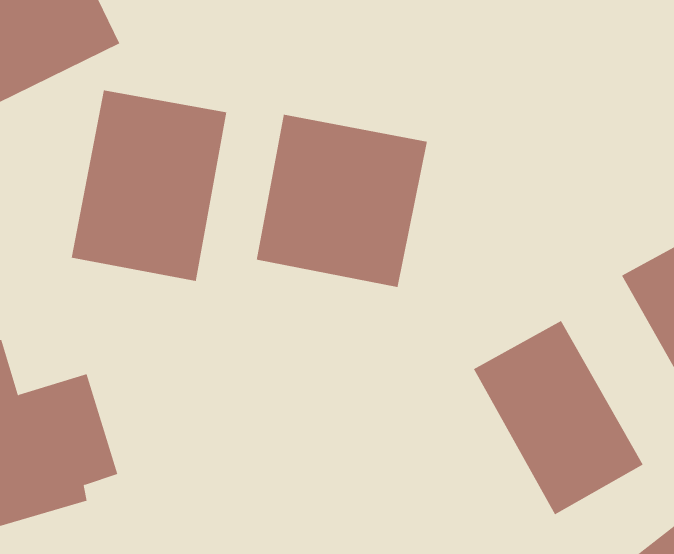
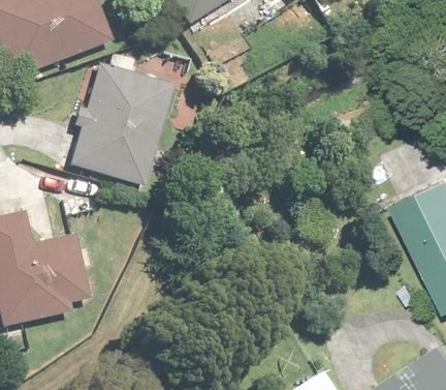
building: [256,114,427,288] -> none
building: [473,320,644,515] -> none

